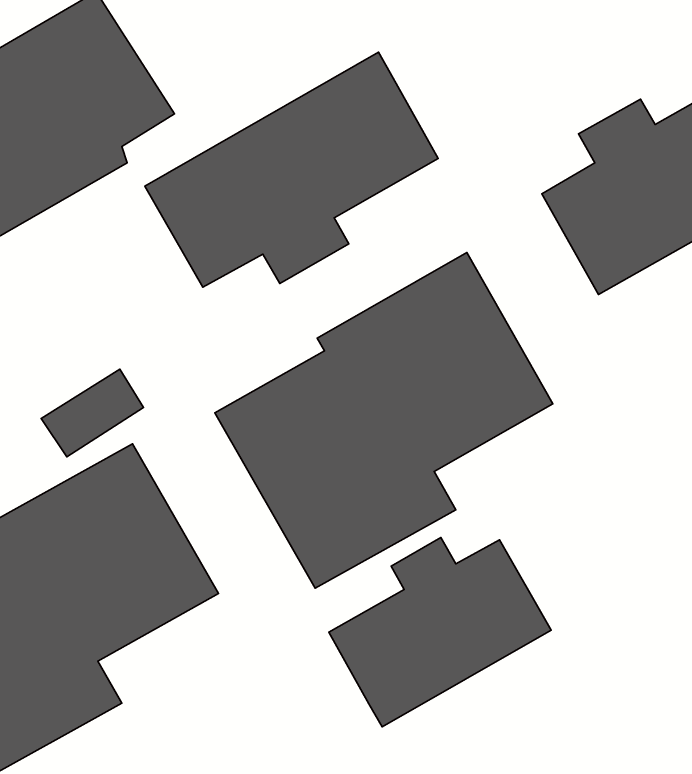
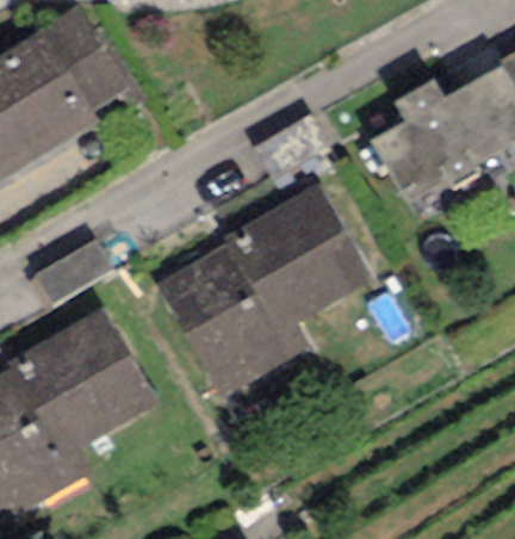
building: [145,52,438,287] -> none
building: [329,537,551,727] -> none

